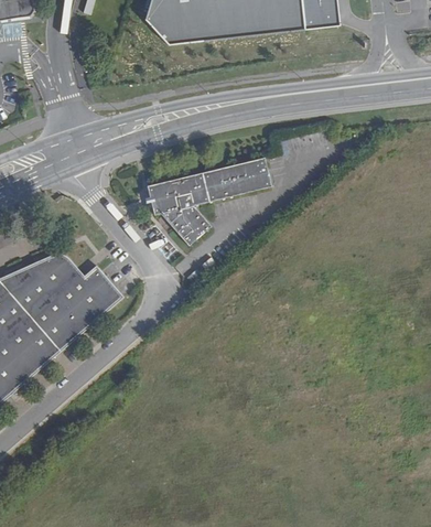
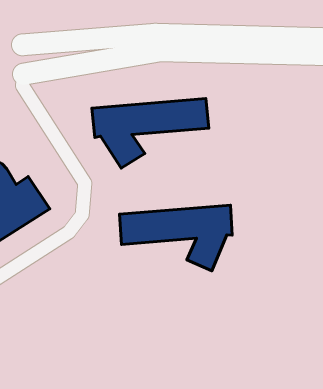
building: none -> [119,205,232,271]

